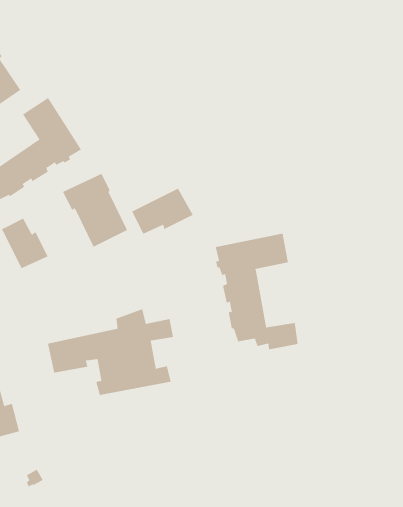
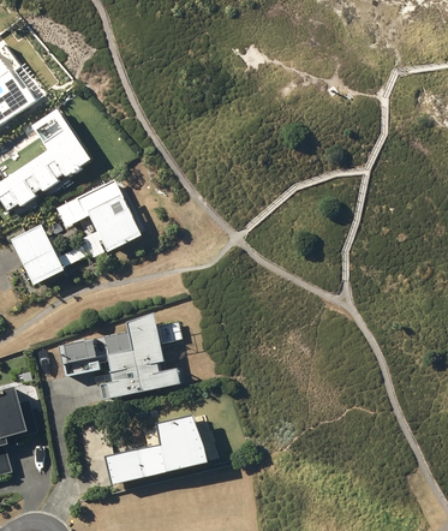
building: [131,188,193,235] -> none
building: [215,233,298,350] -> none
building: none -> [101,418,204,488]

